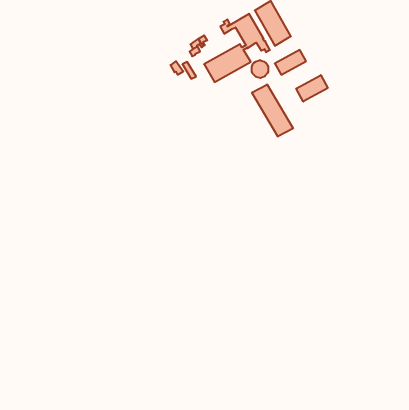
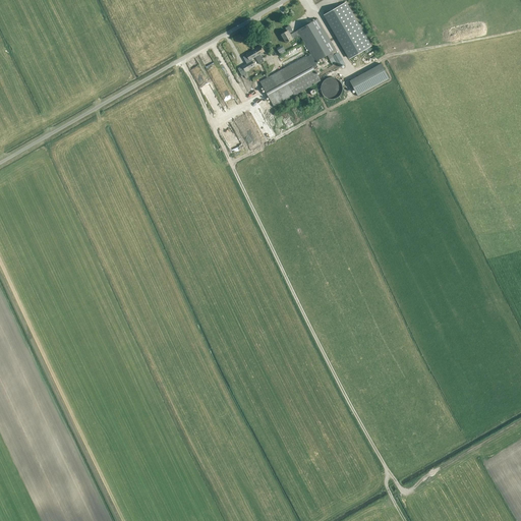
building: [296,75,328,102] -> none
building: [252,84,293,137] -> none

